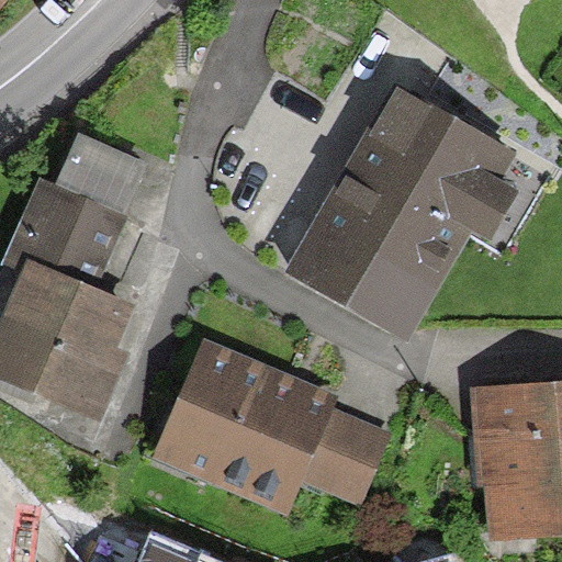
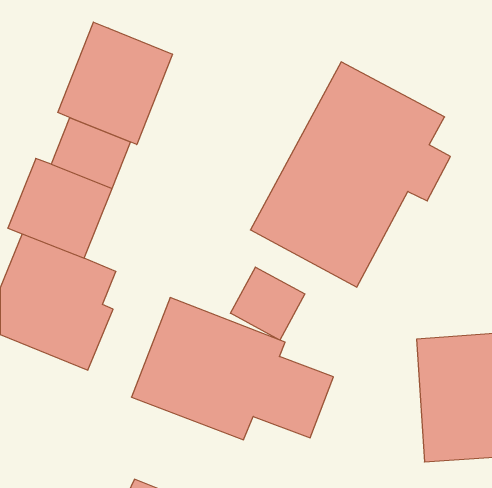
building: none -> [58,22,172,145]
building: none -> [230,267,305,340]

